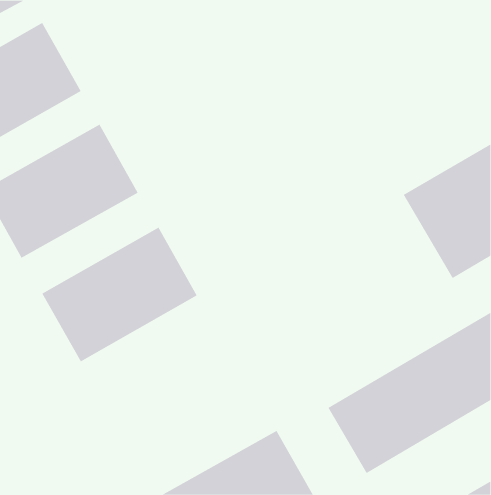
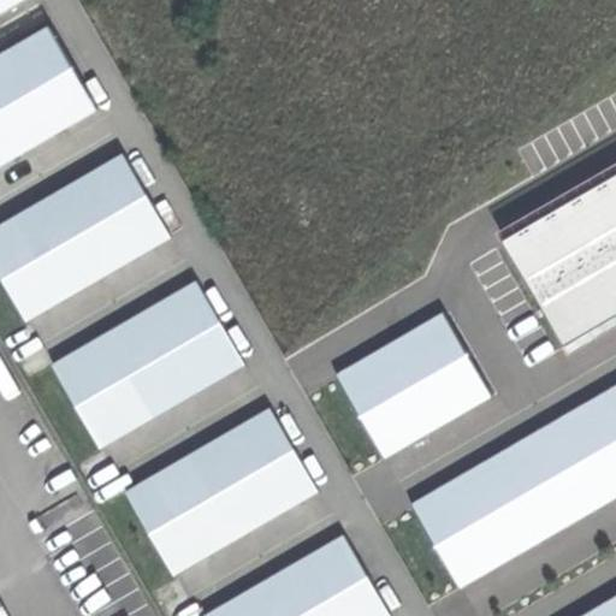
building: none -> [333,313,490,457]
building: none -> [125,409,319,576]

